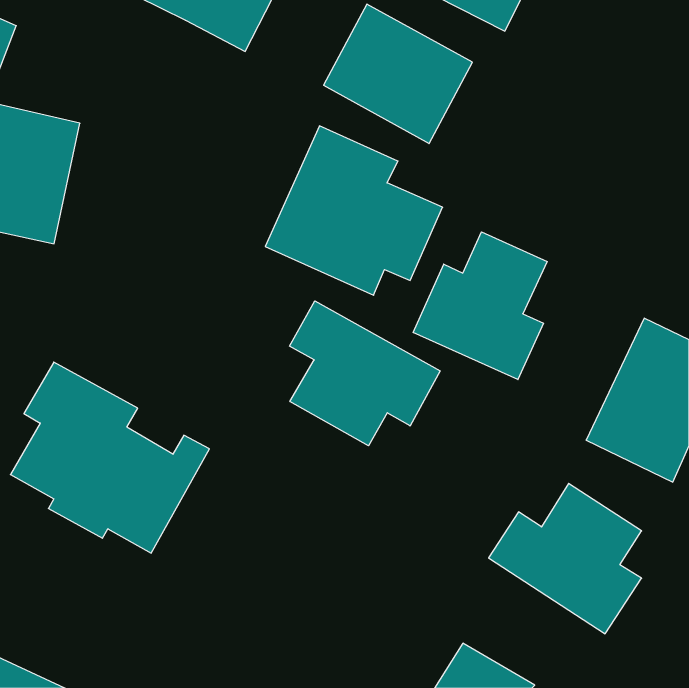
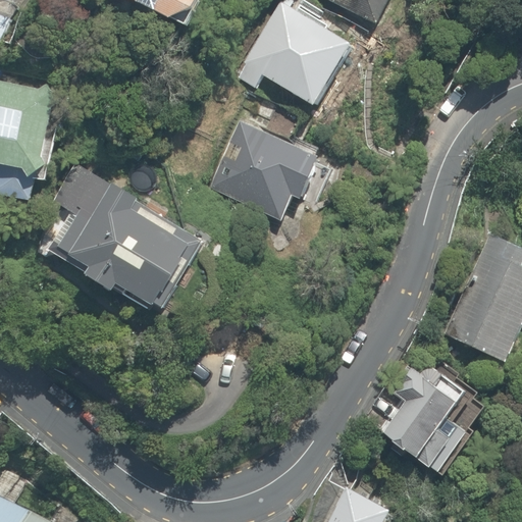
building: [413,232,547,380] -> none
building: [290,301,440,446] -> none
building: [10,362,209,553] -> [48,167,198,311]

